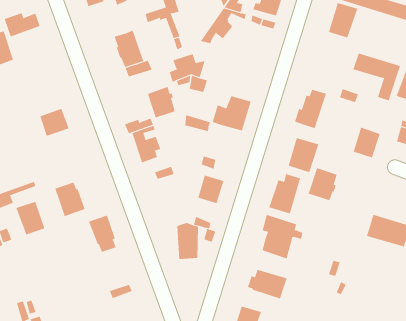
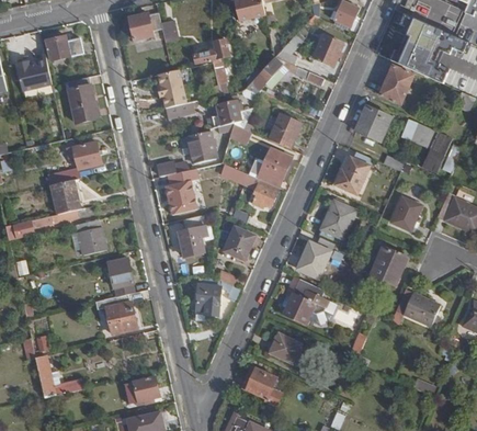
building: none -> [355,106,390,141]
building: none -> [66,77,96,123]
building: none -> [270,114,302,149]
building: none -> [245,174,279,207]
building: [308,168,337,201] -> [371,248,404,284]
building: none -> [178,227,205,257]
building: [15,201,45,235] -> [50,180,79,214]
building: none -> [103,294,137,333]

